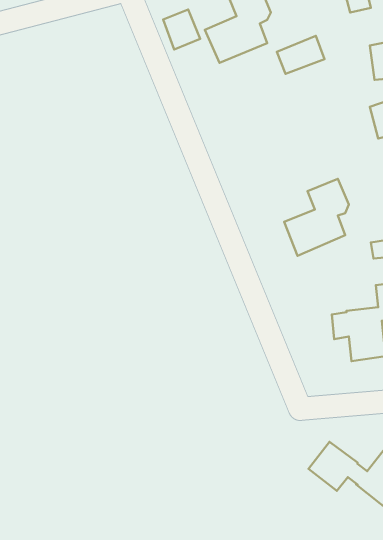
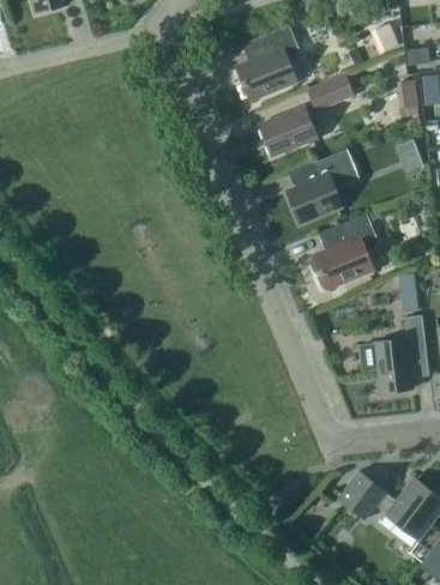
building: [163,10,200,50] -> none
building: none -> [259,107,315,155]
building: none -> [287,149,360,223]

